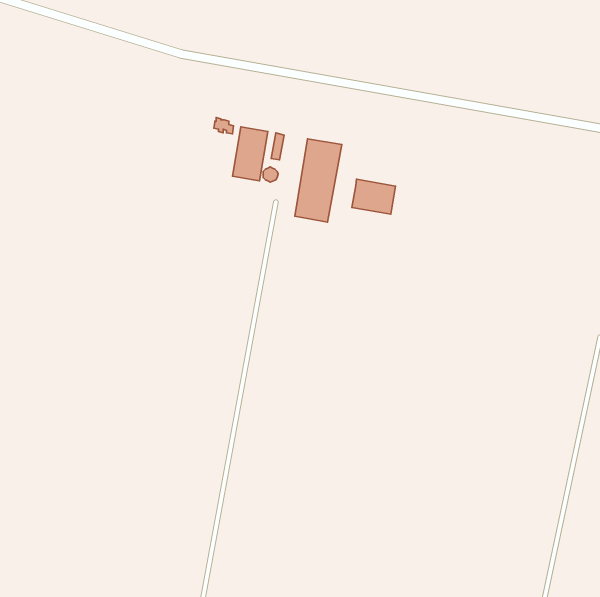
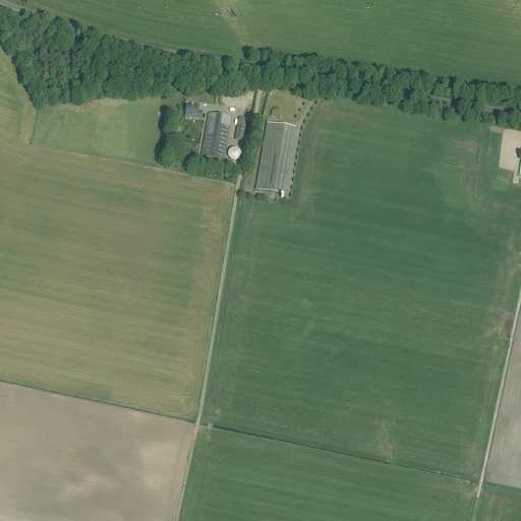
building: [352,179,395,214] -> none

